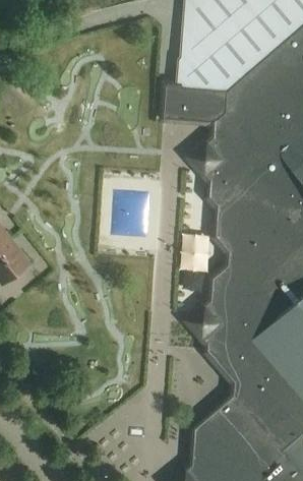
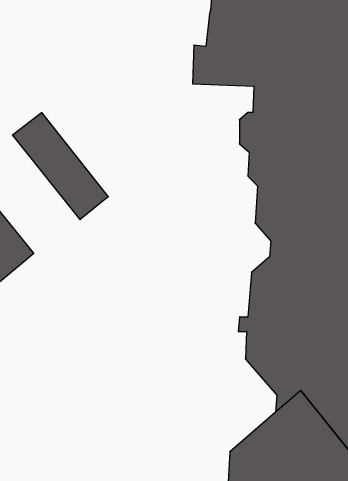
building: none -> [12,113,108,220]

